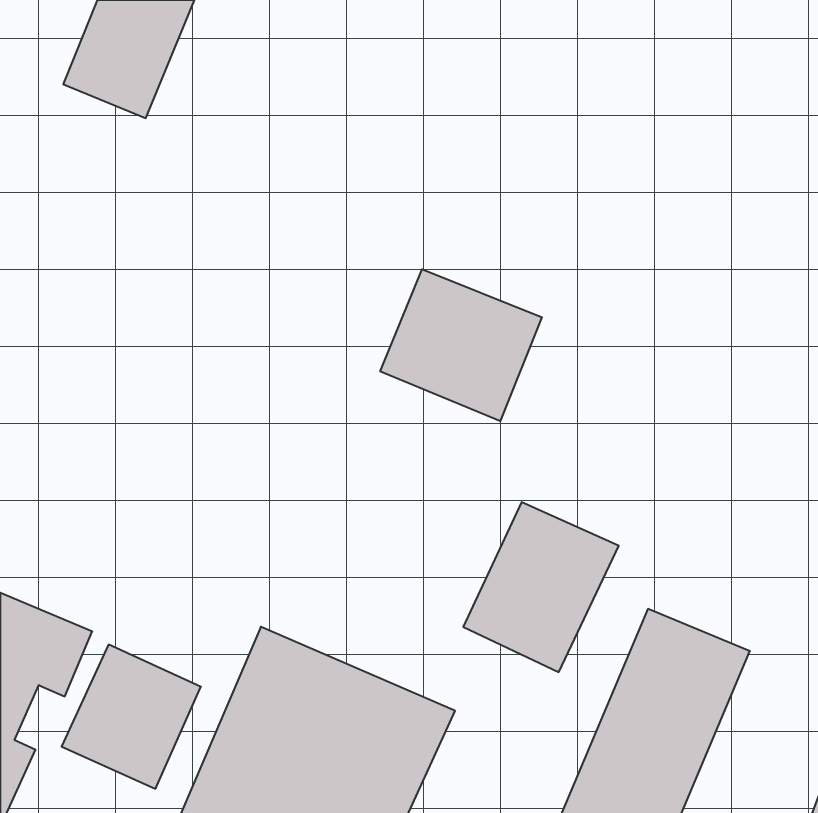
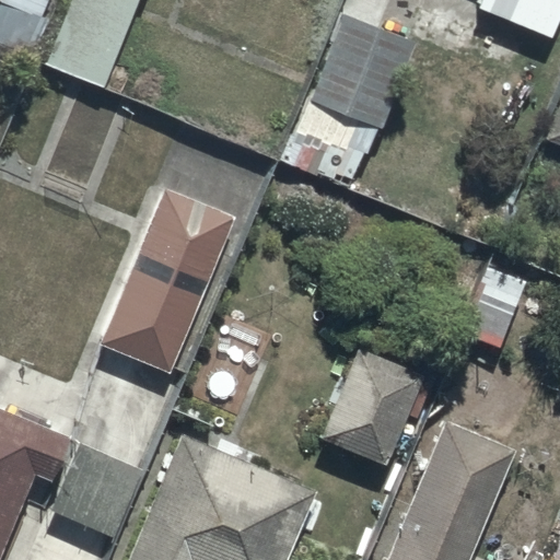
building: none -> [289,14,415,177]
building: none -> [102,191,233,375]
building: [380,269,542,421] -> none

